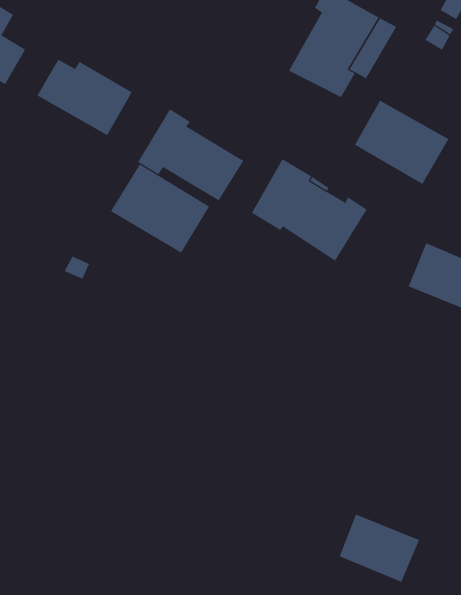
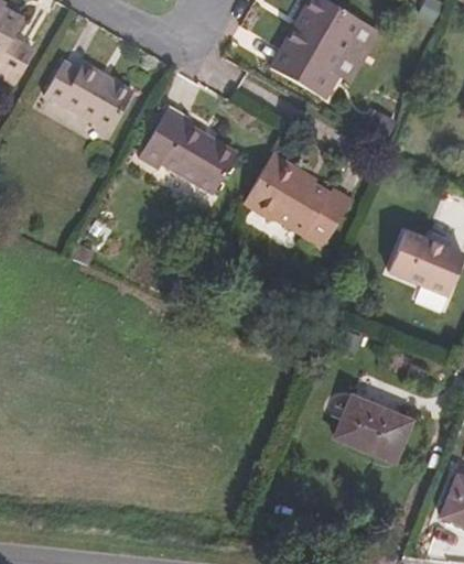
building: [354,100,449,185] -> none
building: [110,163,210,254] -> none
building: [339,514,420,583] -> [336,398,411,462]

